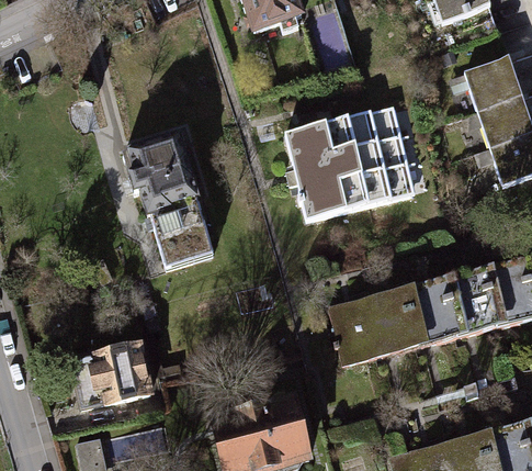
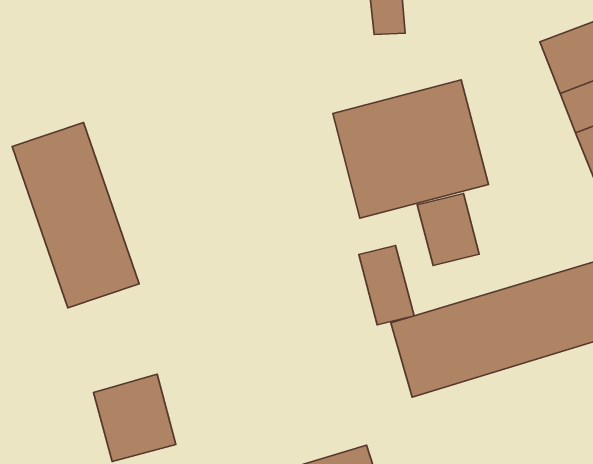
building: [118,121,216,271] -> [12,123,139,308]
building: none -> [417,193,479,266]
building: none -> [359,245,414,325]

